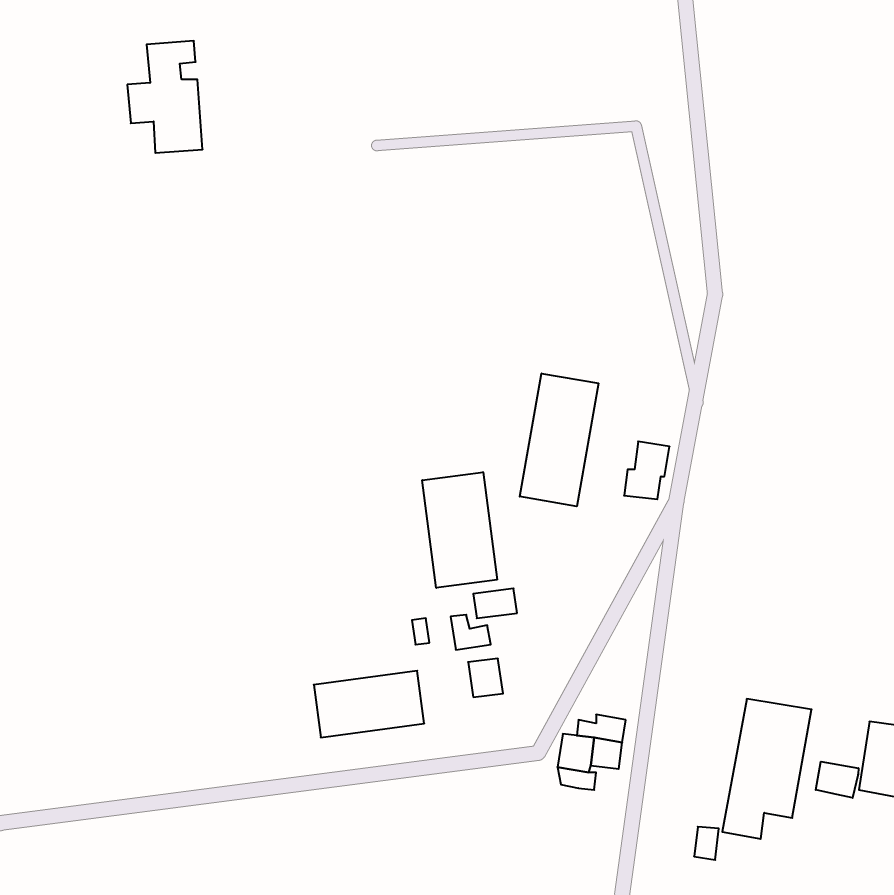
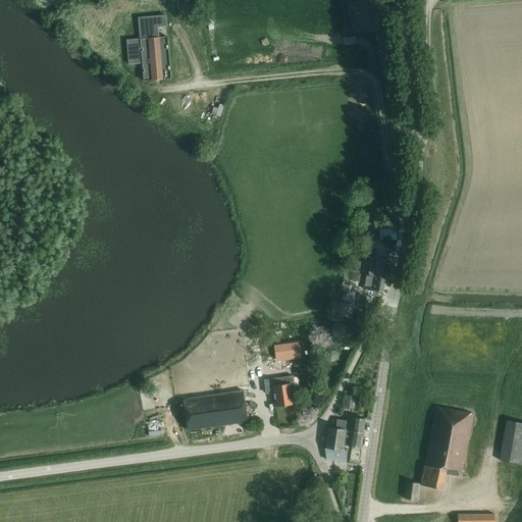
building: [127,41,203,153] -> [127,15,171,81]
building: [520,373,598,506] -> none
building: [422,472,497,588] -> none
building: [816,762,858,798] -> none

